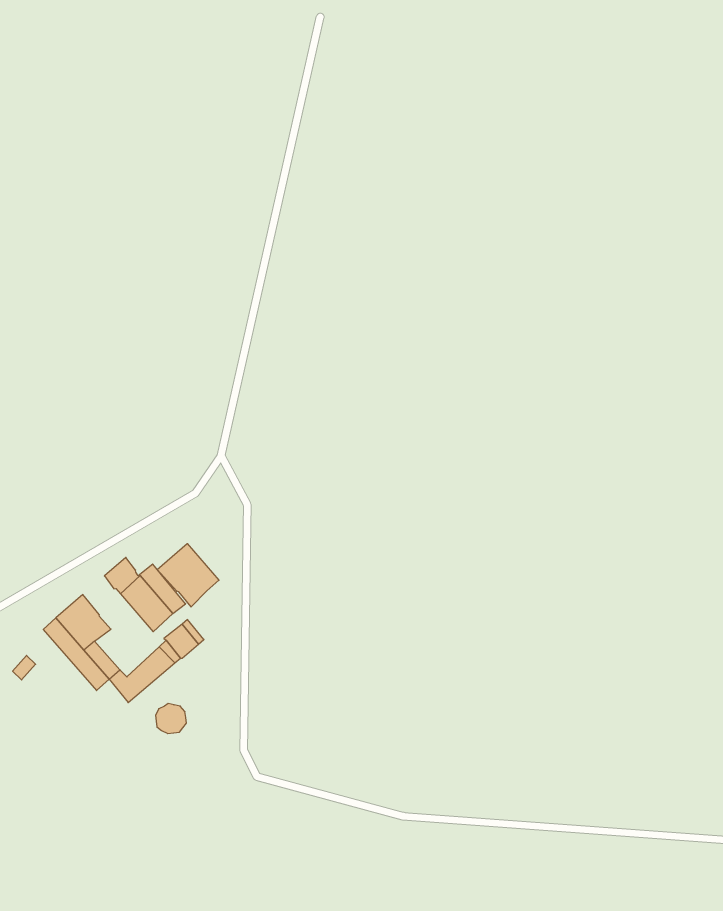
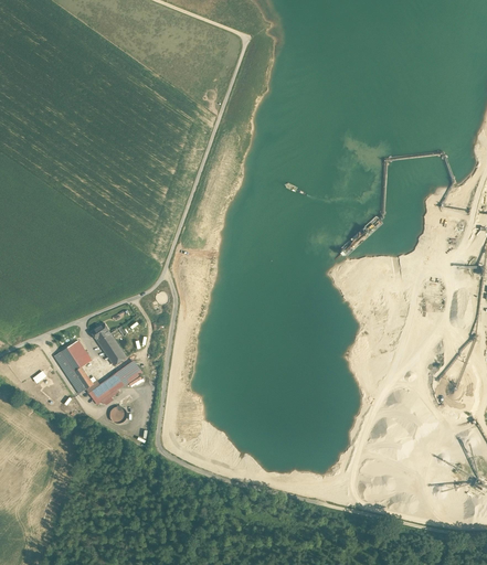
building: [157,544,219,607] -> none

